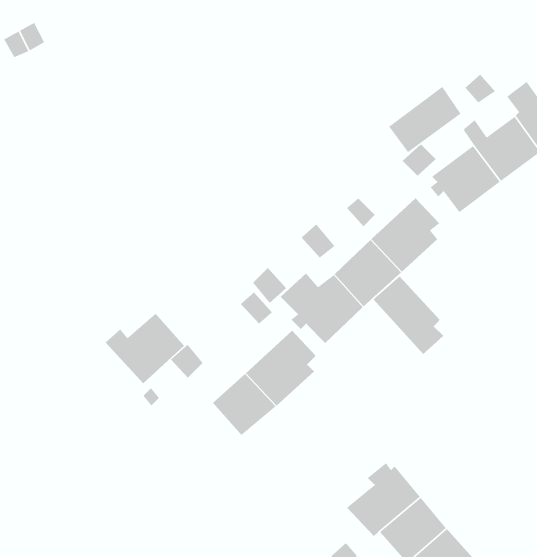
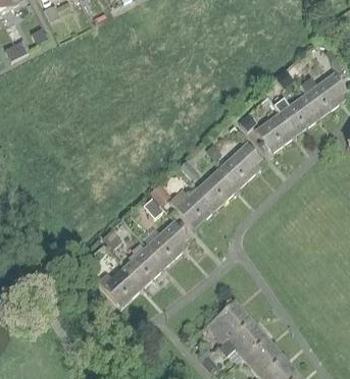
building: [388,86,461,153] -> none
building: [372,275,444,355] -> none
building: [105,313,185,384] -> [99,262,146,304]

